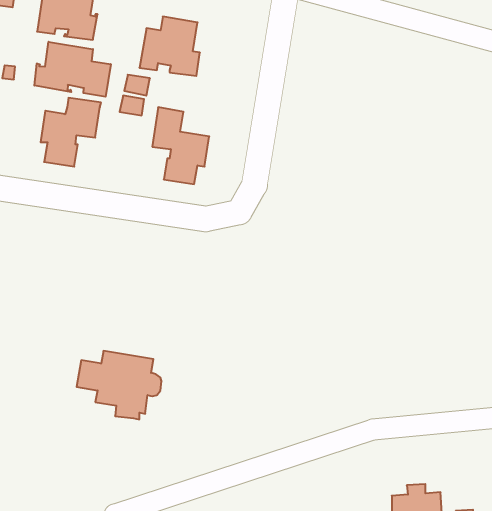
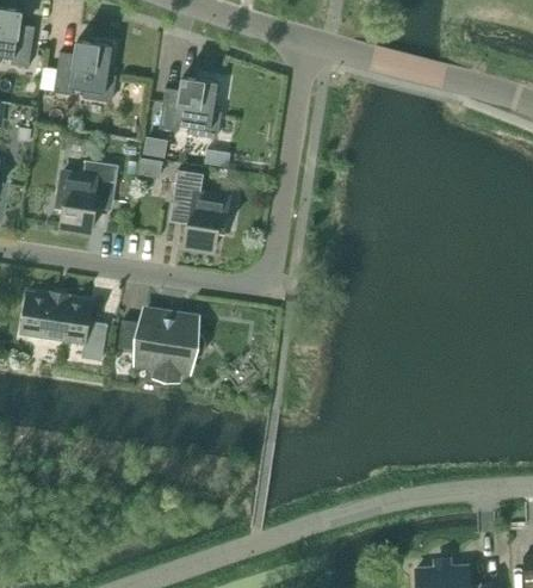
building: [34,42,111,97] -> none
building: none -> [21,292,107,360]
building: [77,351,162,419] -> [118,310,205,380]

